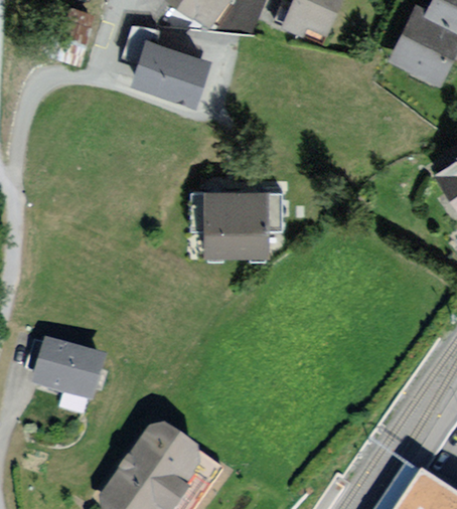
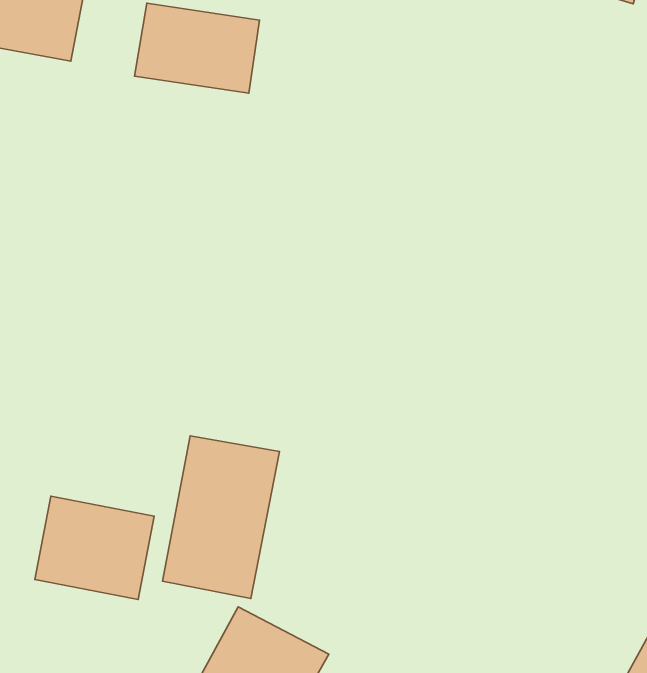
building: [199,183,272,260] -> none
building: none -> [163,436,279,599]

